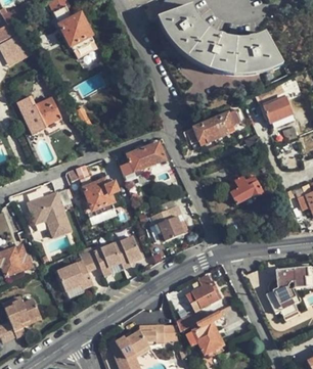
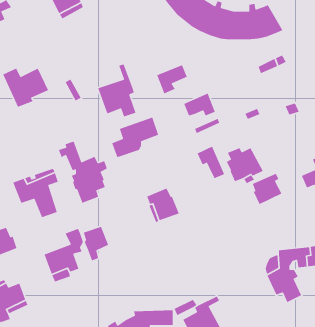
building: none -> [97,64,136,118]
building: [263,97,295,129] -> none
building: [211,110,240,139] -> [156,64,188,95]
building: none -> [196,145,225,179]
building: none -> [252,173,282,205]
building: [110,239,136,271] -> none
building: [191,274,220,311] -> none

